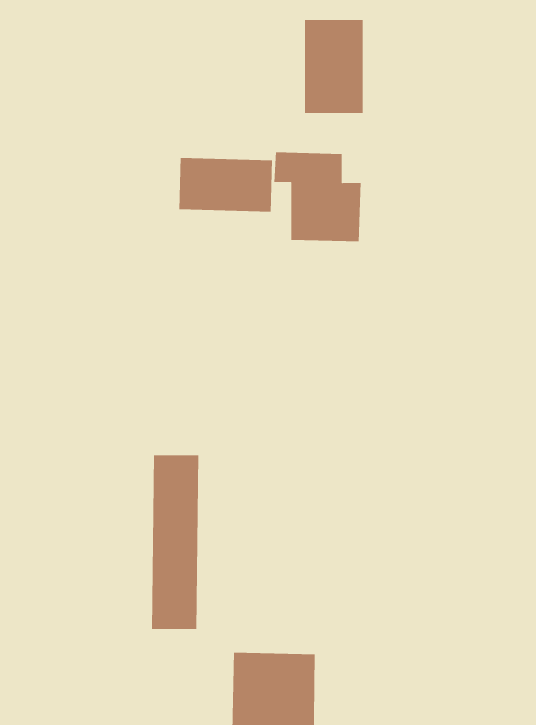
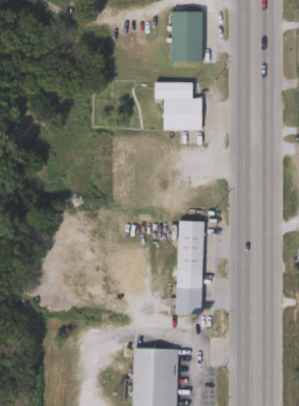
building: [179,157,273,212] -> none
building: [151,455,199,629] -> [177,220,202,313]

